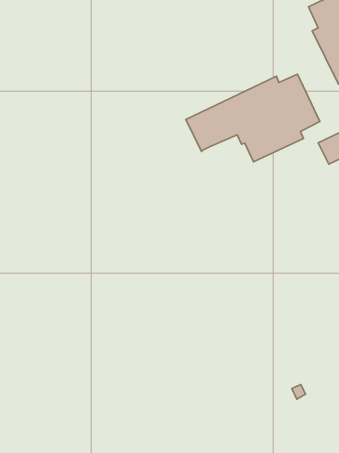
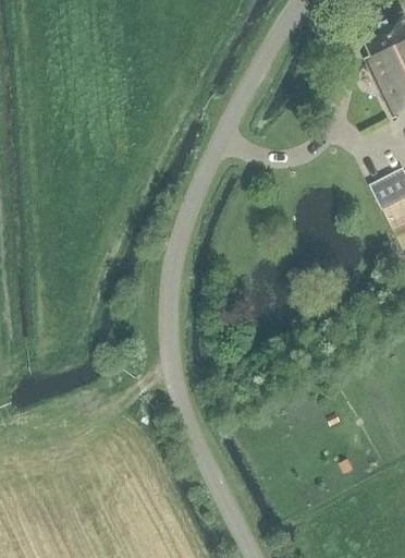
building: [186,74,320,162] -> none

